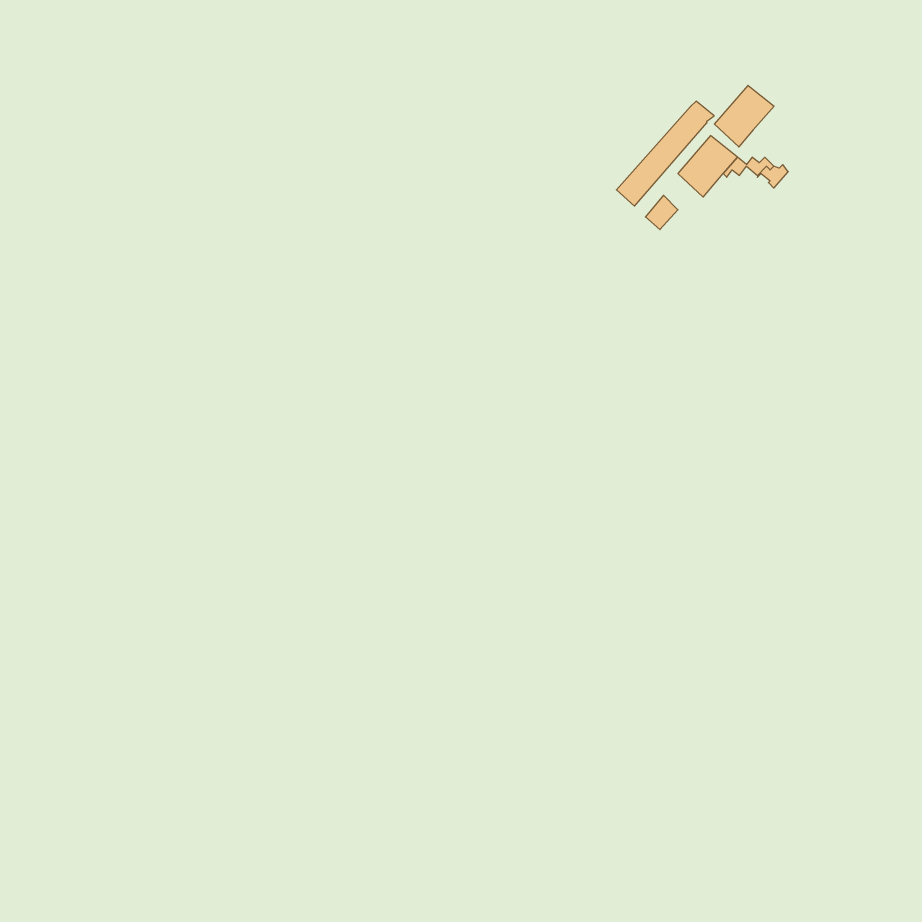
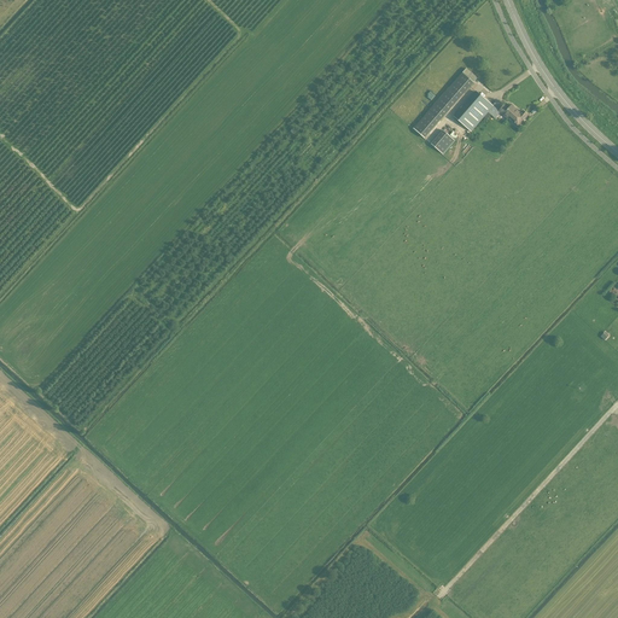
building: [714,85,774,147] -> none

